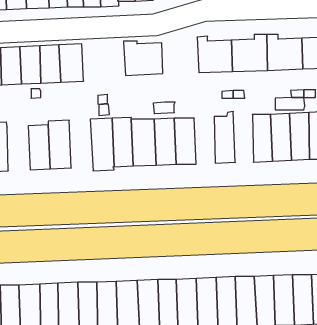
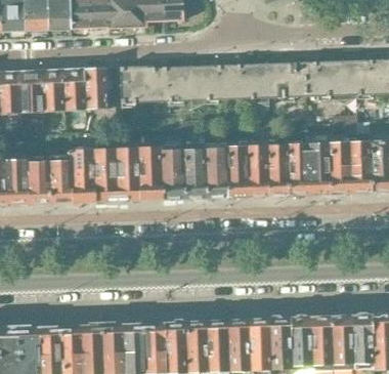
building: none -> [191,61,231,100]
building: none -> [120,67,153,103]
building: none -> [268,141,290,196]
building: none -> [226,142,249,198]
building: none -> [92,150,118,205]
building: none -> [26,157,50,205]

